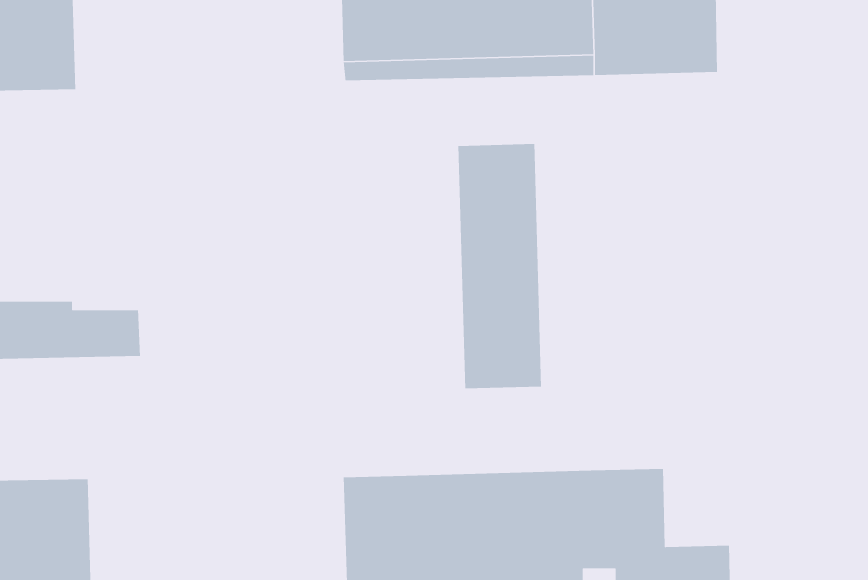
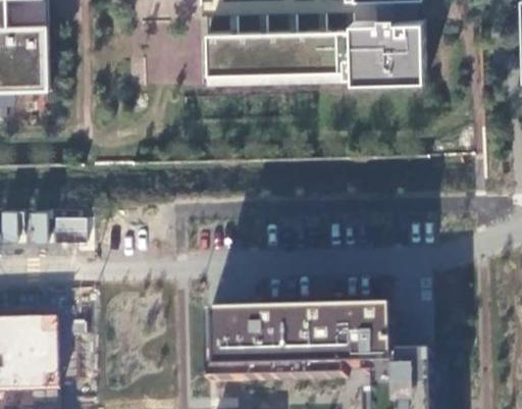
building: [458,143,542,389] -> none

